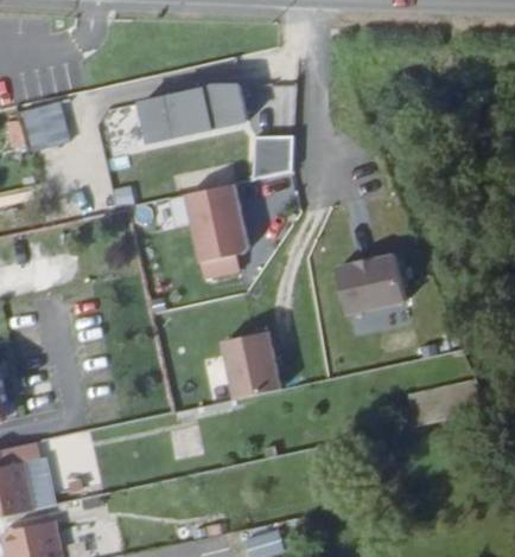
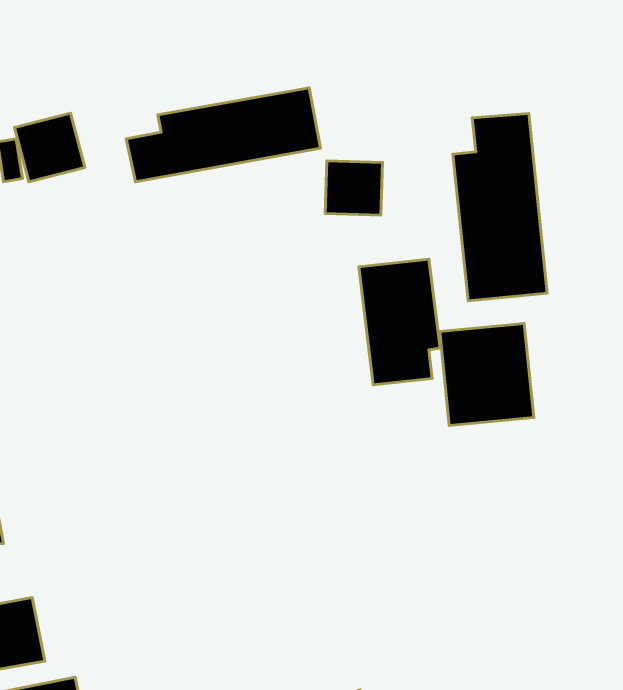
building: none -> [453,114,547,301]
building: [185,185,246,278] -> [359,259,440,385]
building: [218,331,279,398] -> none

